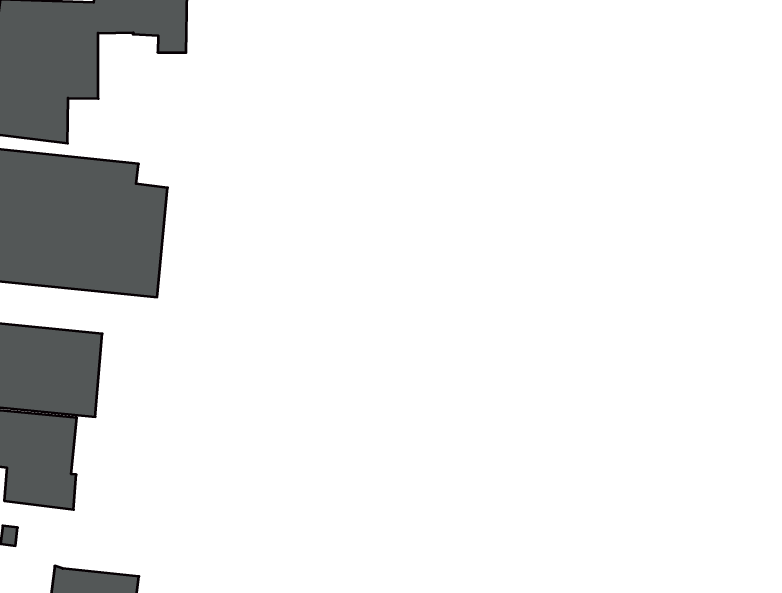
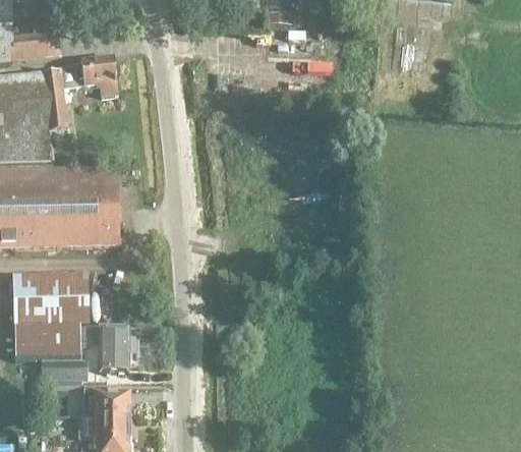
building: none -> [99,325,128,372]
building: none -> [81,388,128,417]

